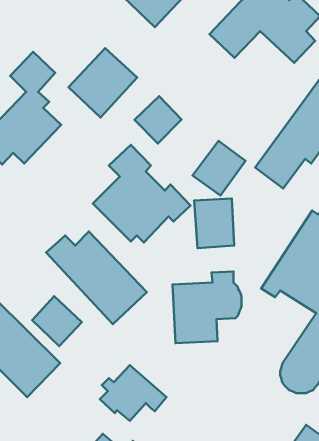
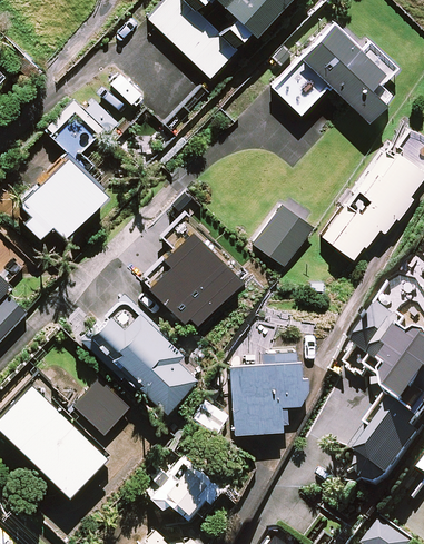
building: [69,48,137,118] -> none
building: [135,96,182,143] -> none
building: [194,199,234,248] -> none

